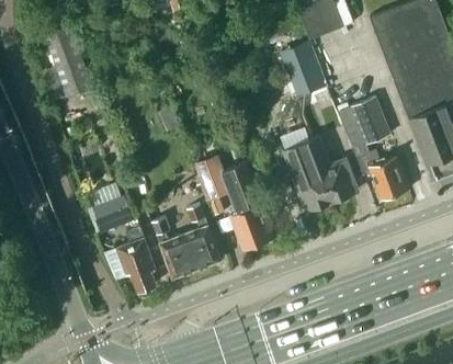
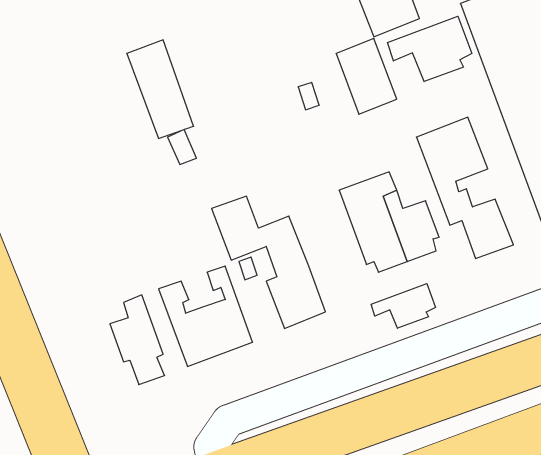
building: [44,24,92,95] -> [127,40,194,138]
building: none -> [388,16,472,82]
building: [94,195,134,230] -> none
building: none -> [371,284,436,328]

